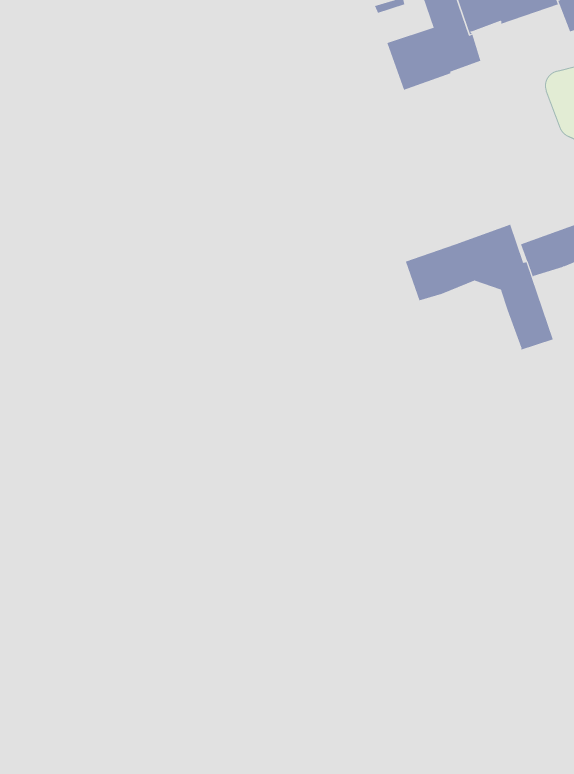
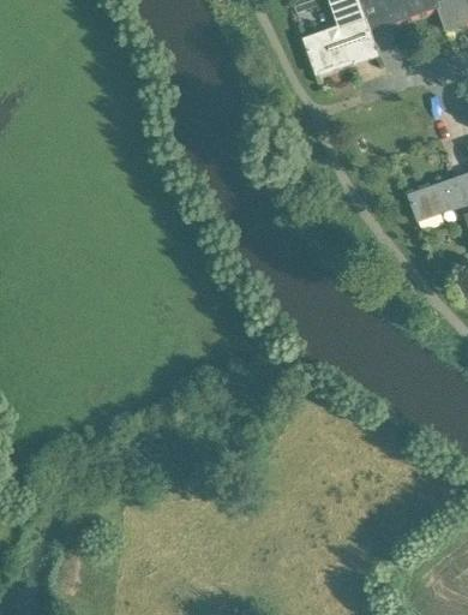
building: [405,224,554,351] -> none

